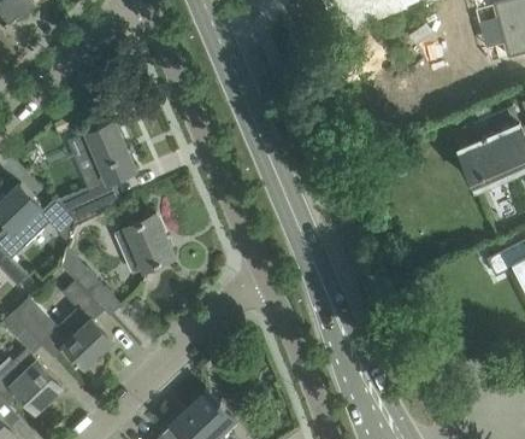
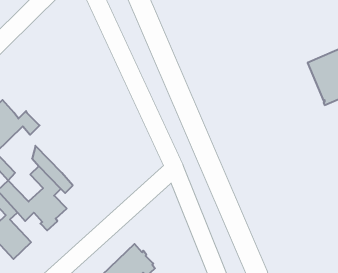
building: [67,121,135,182] -> none
building: [55,187,100,221] -> none
building: [116,215,172,273] -> none

